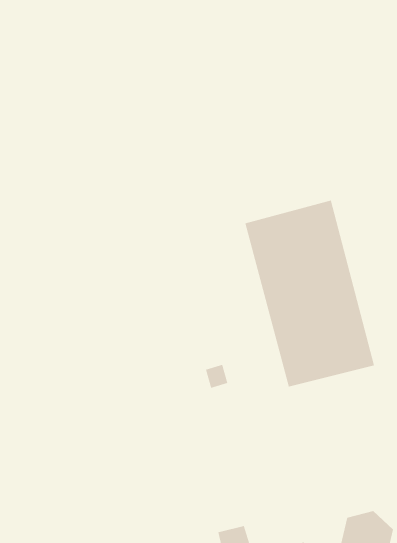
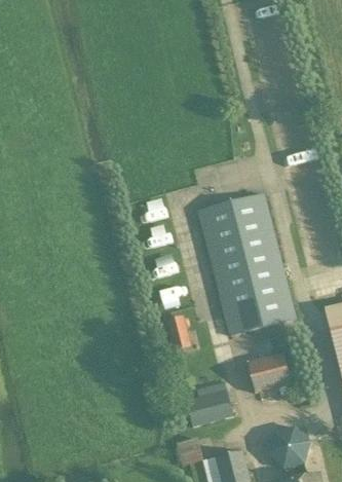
building: none -> [248,353,291,392]
building: none -> [185,390,233,425]

